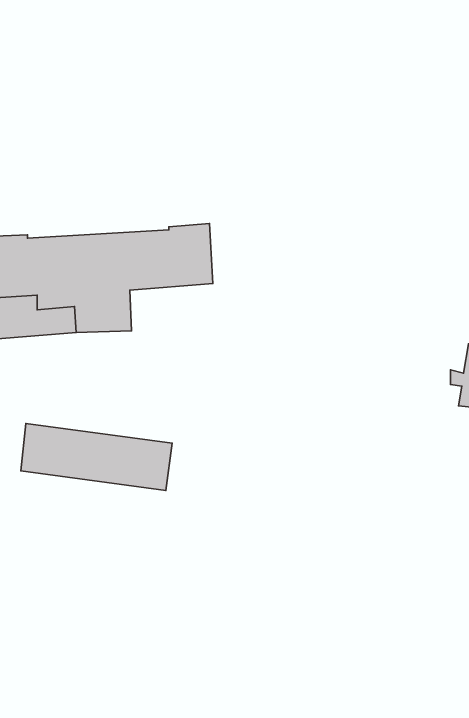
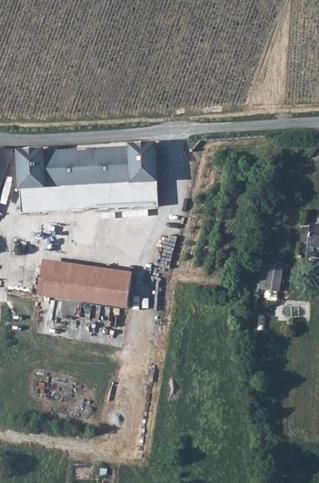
building: none -> [105,178,158,207]
building: none -> [256,262,283,292]

